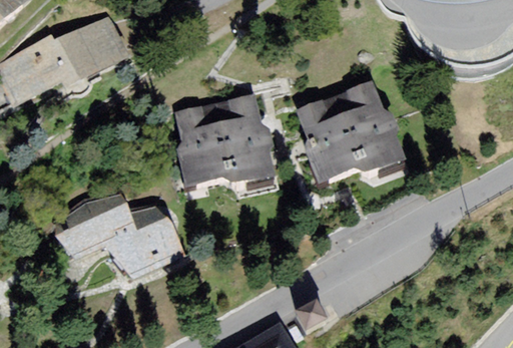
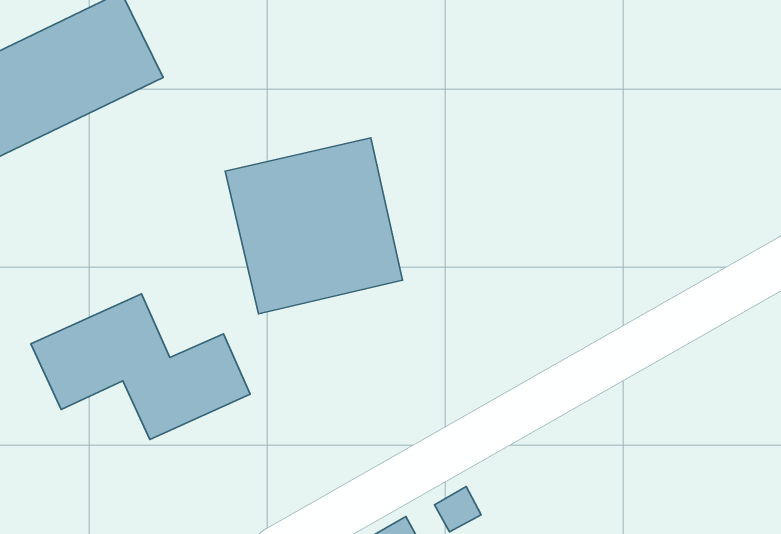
building: [298,81,403,185] -> none

